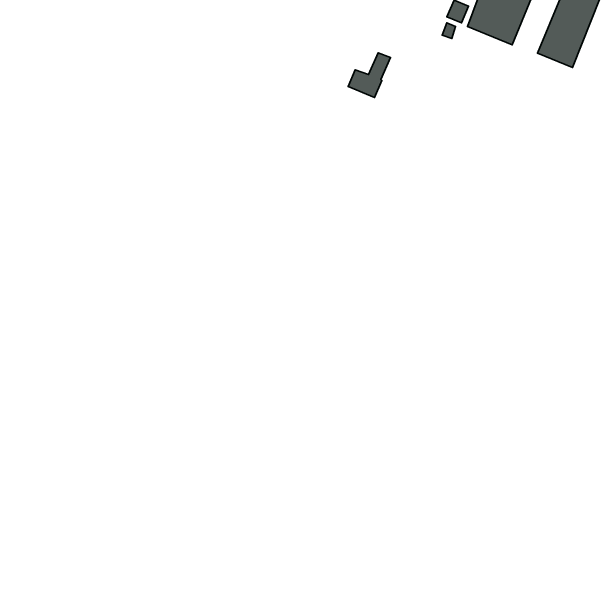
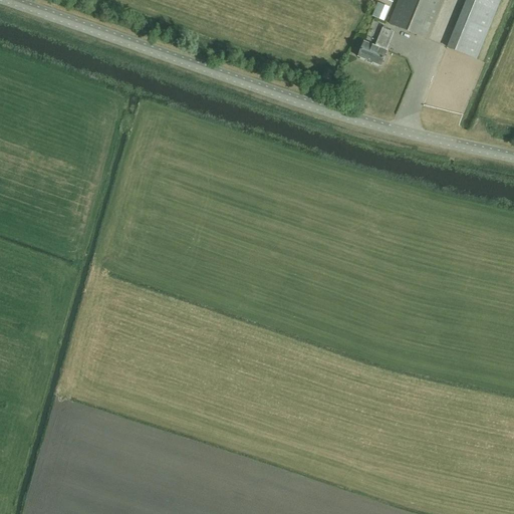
building: [348,53,390,98] -> [357,26,393,63]

